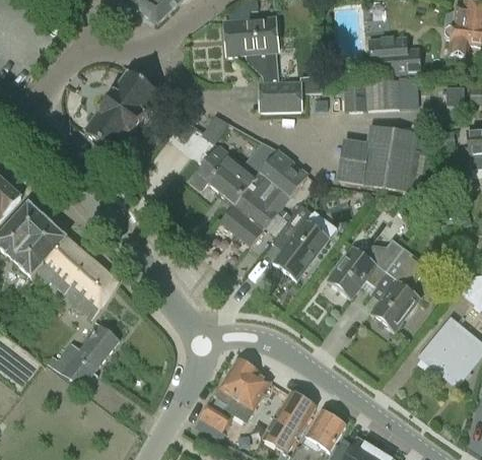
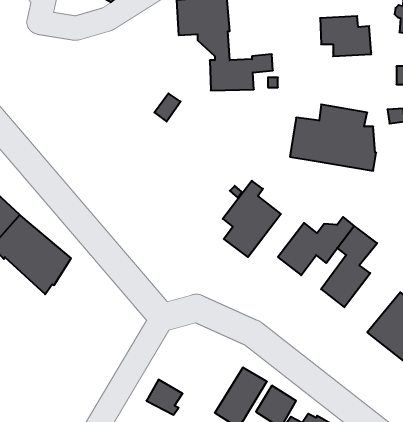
building: [84,71,157,153] -> none
building: [343,78,418,111] -> none
building: [190,143,309,245] -> none
building: [52,322,120,388] -> none
building: [215,357,270,419] -> none

